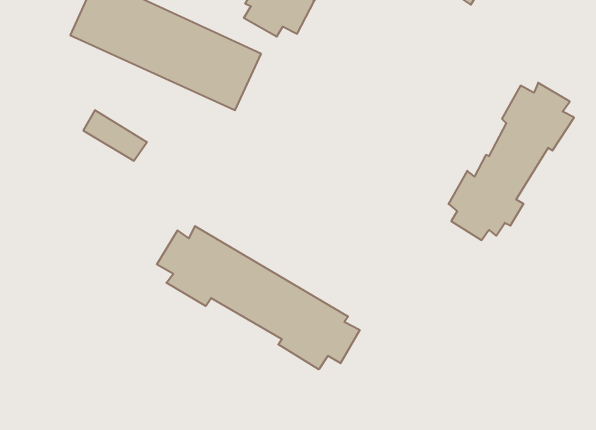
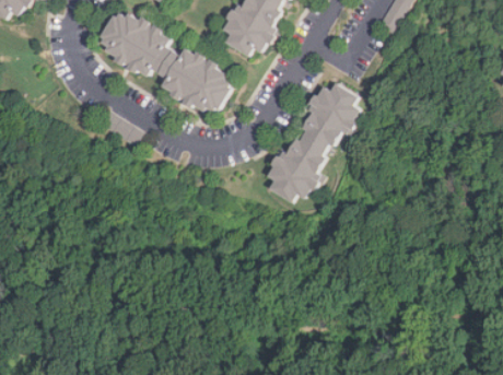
building: [448,83,574,240] -> [268,83,363,202]
building: [157,226,360,369] -> none

